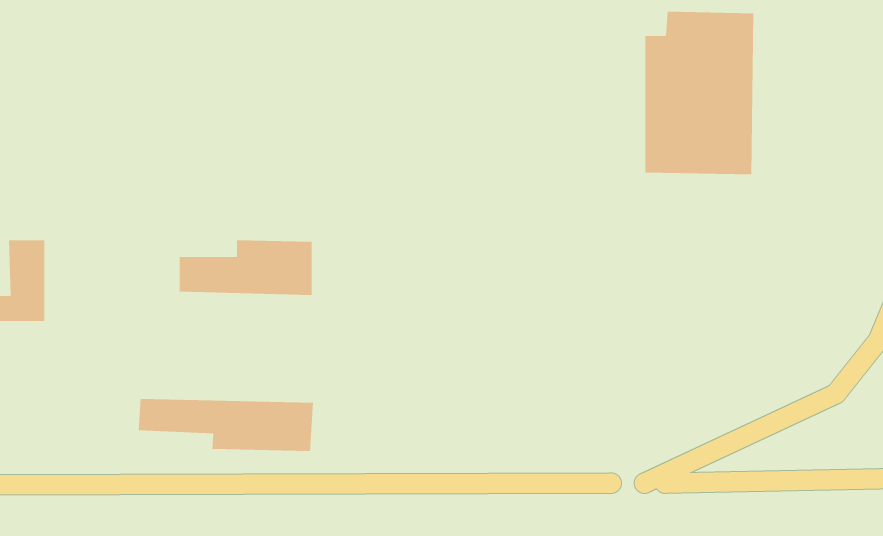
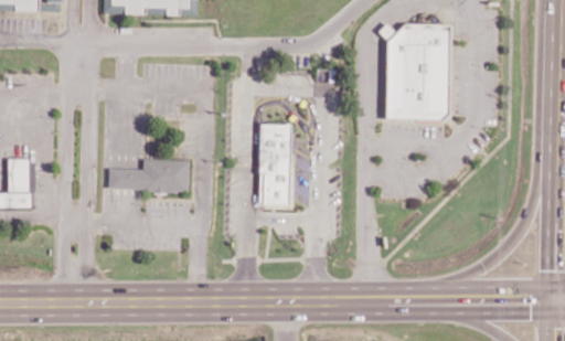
building: none -> [258,122,290,205]
building: [138,398,314,452] -> none

